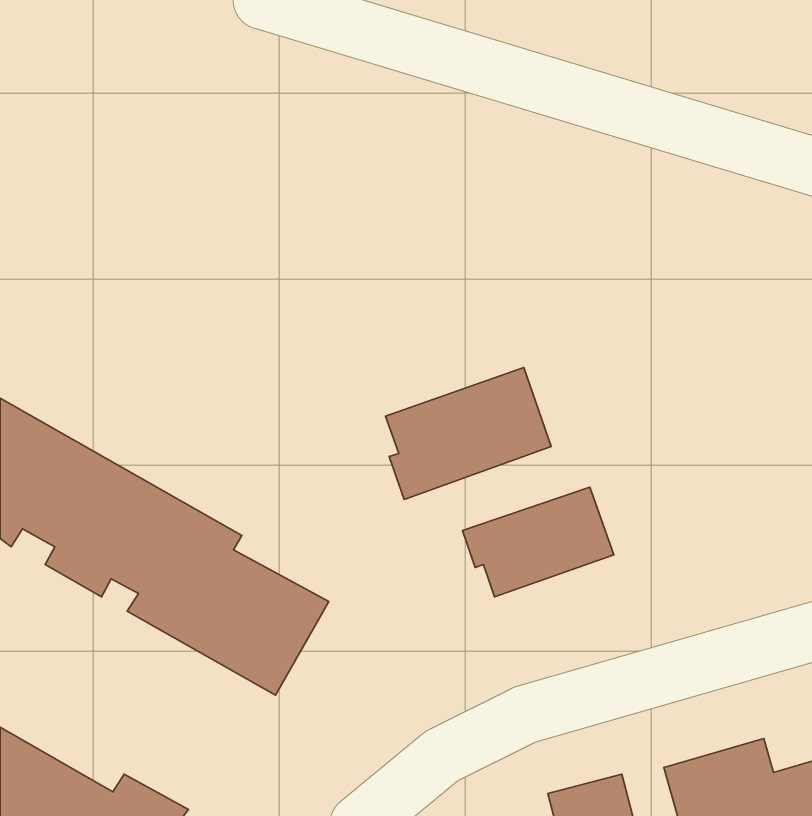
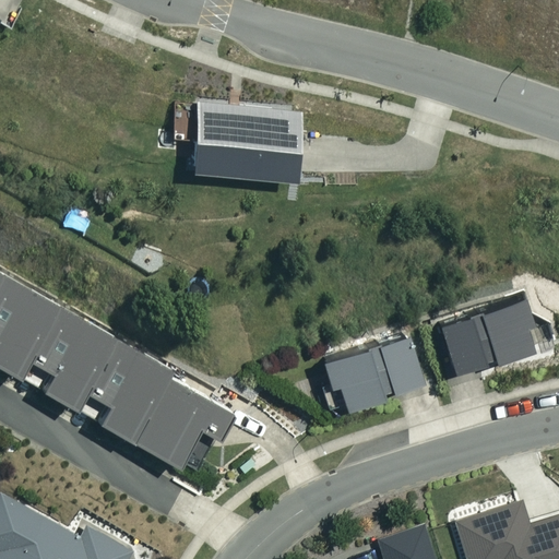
building: none -> [188,102,300,177]
building: [386,367,551,499] -> none
building: none -> [438,299,537,374]

